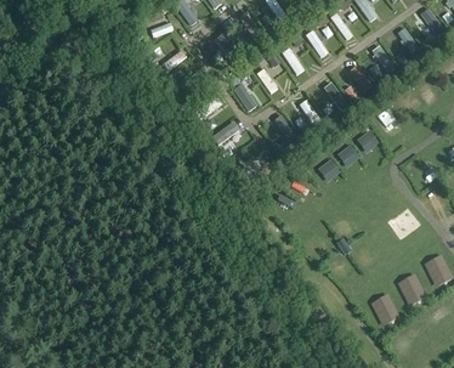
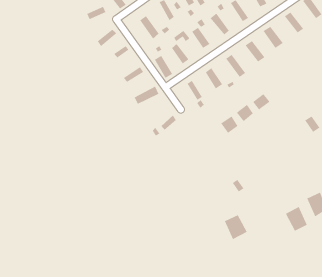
building: [371,293,402,325] -> [224,214,248,240]

